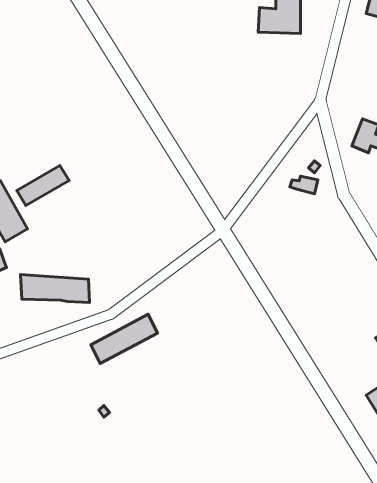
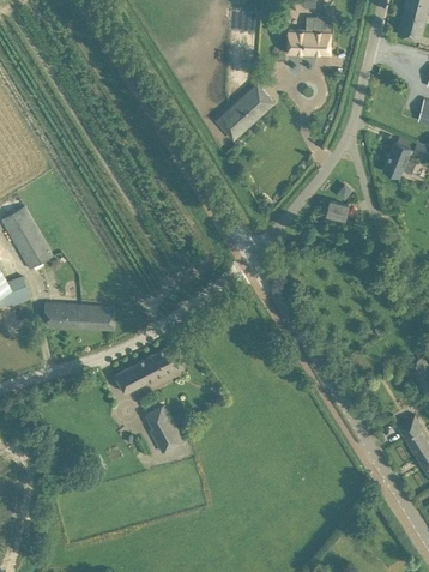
building: none -> [217,84,274,139]
building: [17,166,69,205] -> none
building: none -> [145,404,185,453]

